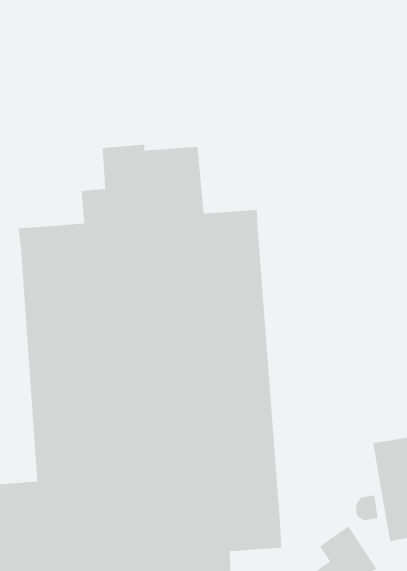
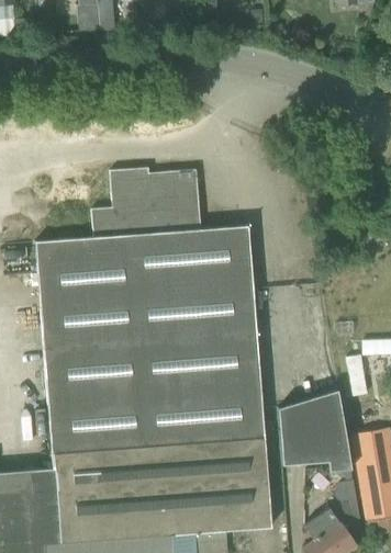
building: none -> [278,390,350,471]

